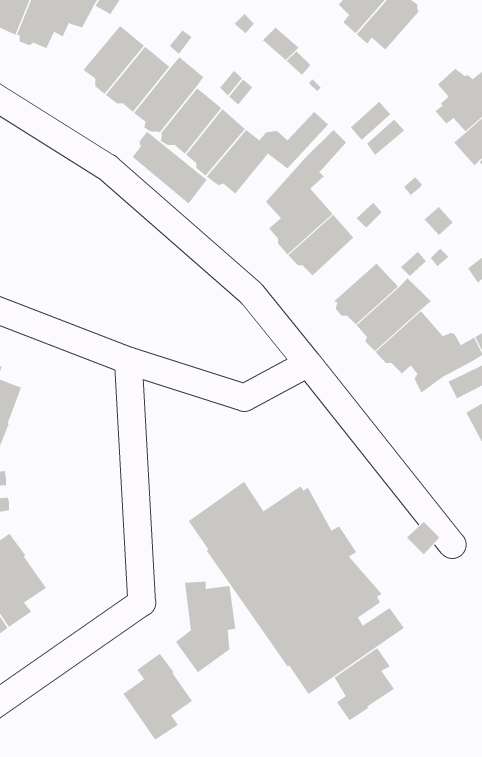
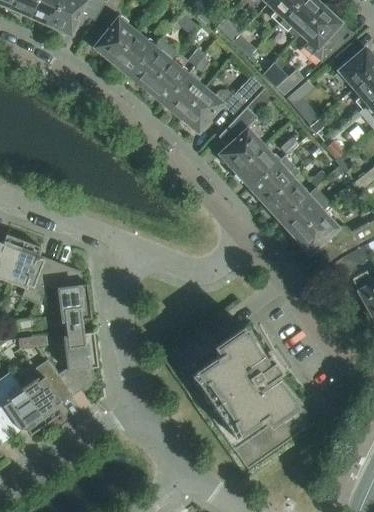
building: none -> [299,8,346,62]
building: [132,131,208,205] -> none
building: none -> [250,155,298,203]
building: none -> [45,261,90,321]
building: [175,581,236,673] -> [56,334,97,396]
building: [334,647,395,721] -> none
building: [122,653,193,740] -> none

